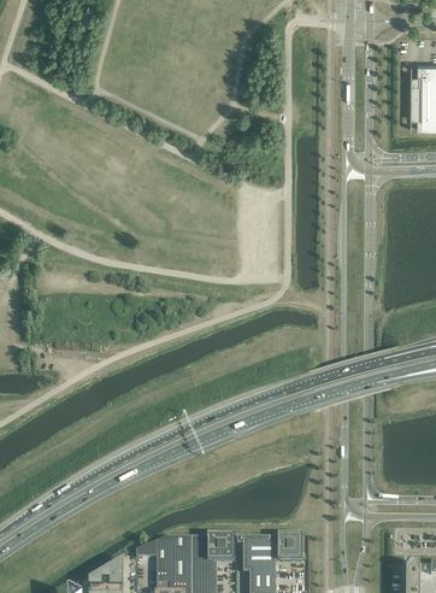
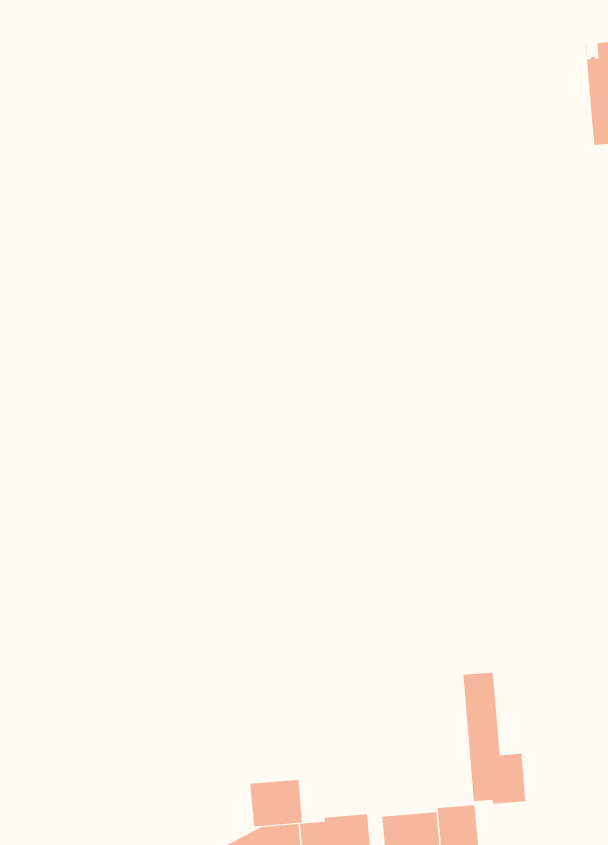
building: none -> [463,672,526,805]
building: none -> [250,779,302,827]

